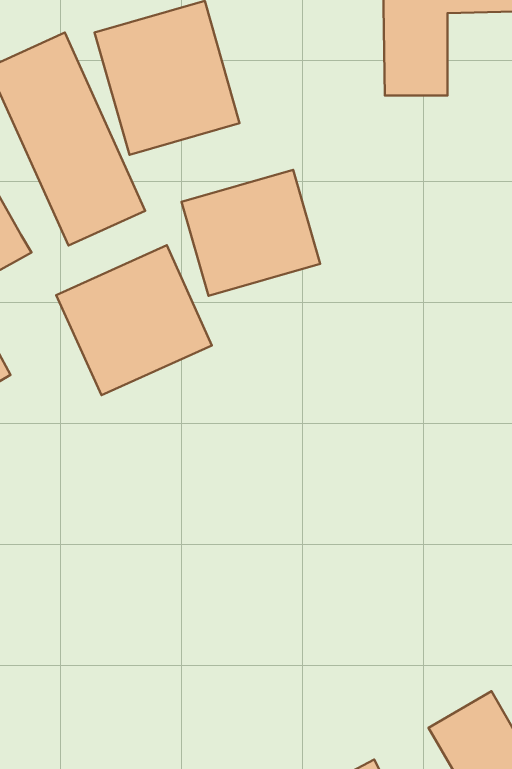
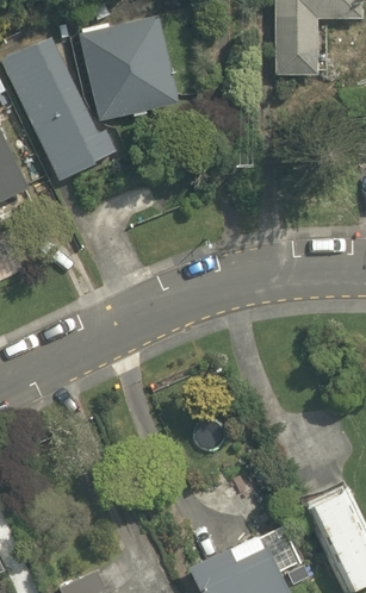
building: [182,170,320,296] -> none
building: [56,245,212,395] -> none

